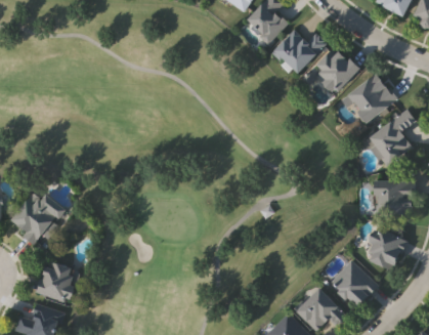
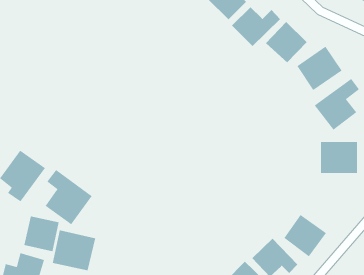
building: none -> [45,169,93,225]
building: [361,225,404,270] -> none
building: none -> [52,230,96,271]

